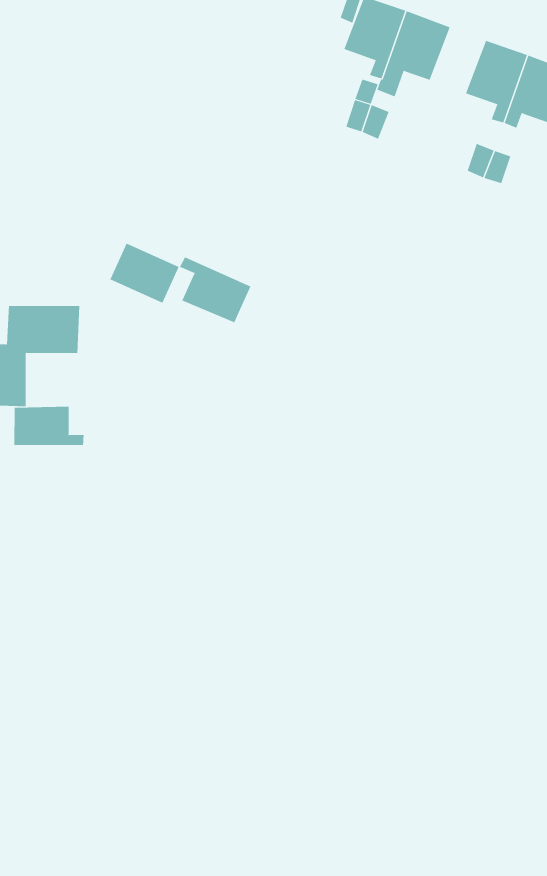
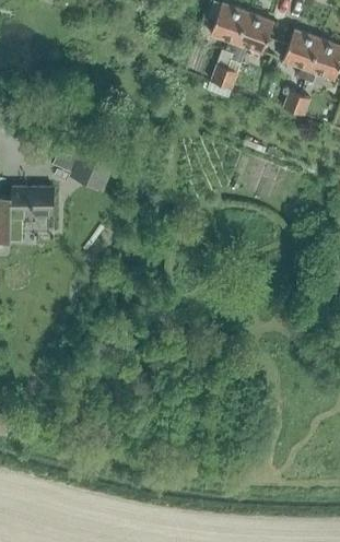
building: [179,257,251,323] -> none
building: [14,406,84,446] -> none

